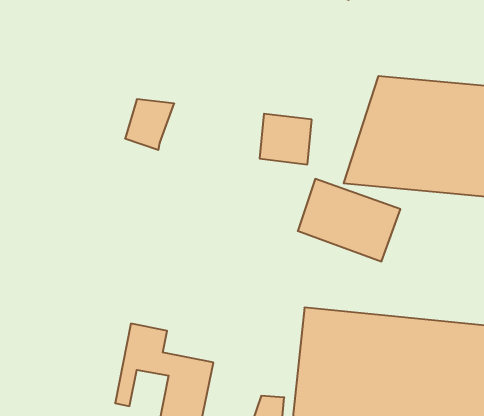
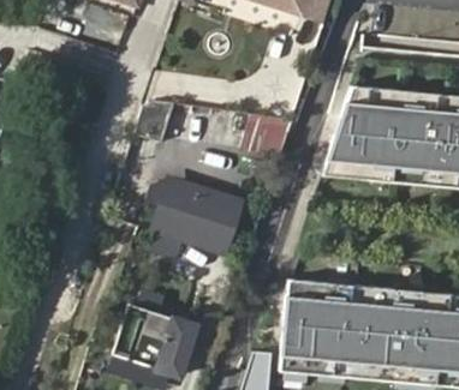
building: [298,179,400,261] -> [150,186,236,254]

